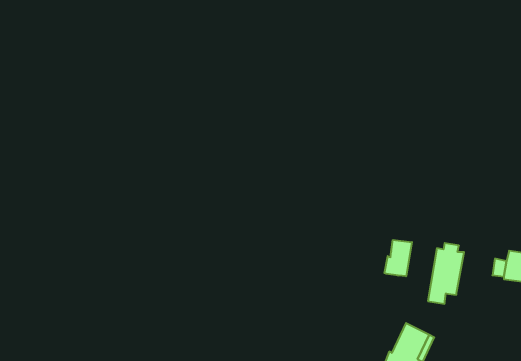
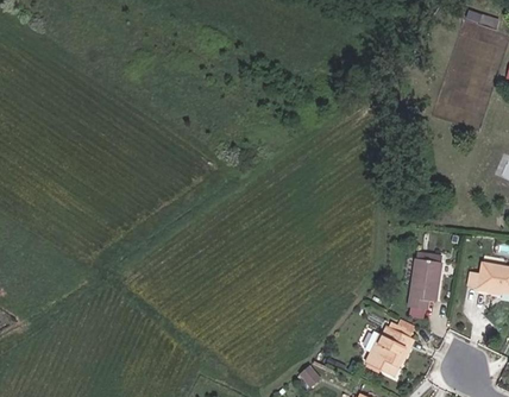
building: [384,240,412,276] -> none

